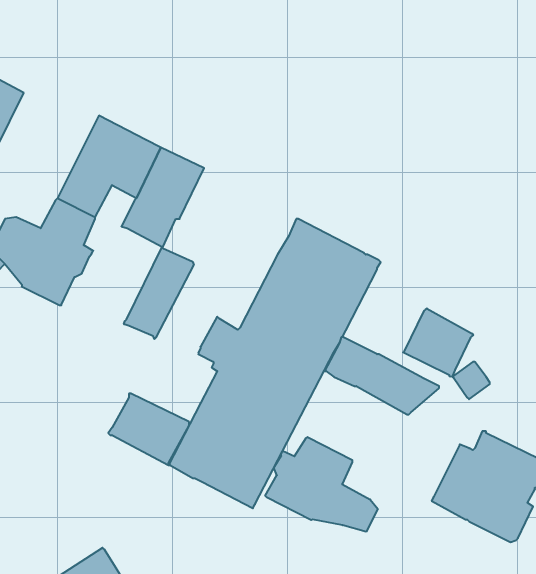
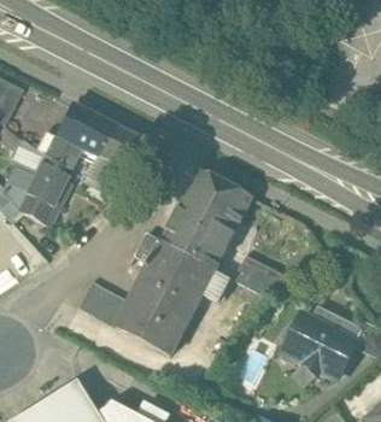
building: [124,247,194,339] -> none
building: [403,308,473,377] -> none
building: [265,437,378,532] -> none

